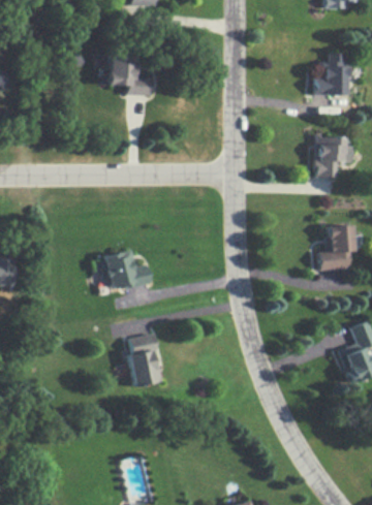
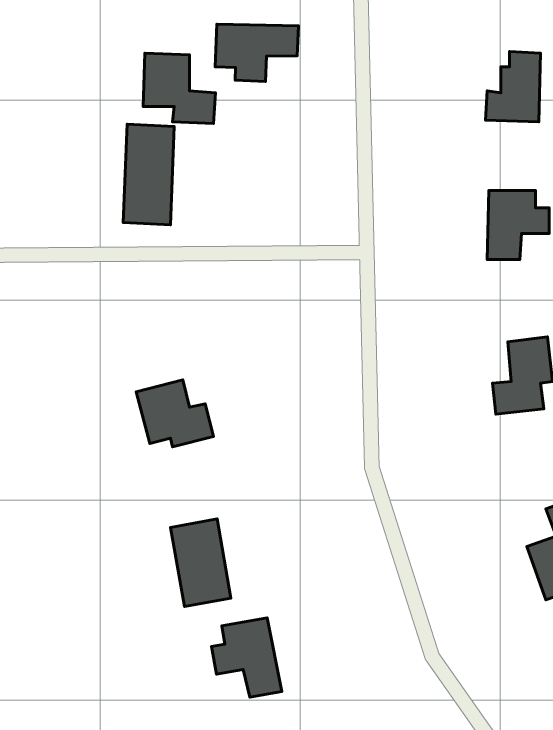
building: none -> [215,24,298,81]
building: none -> [123,124,174,225]
building: none -> [212,618,282,697]

